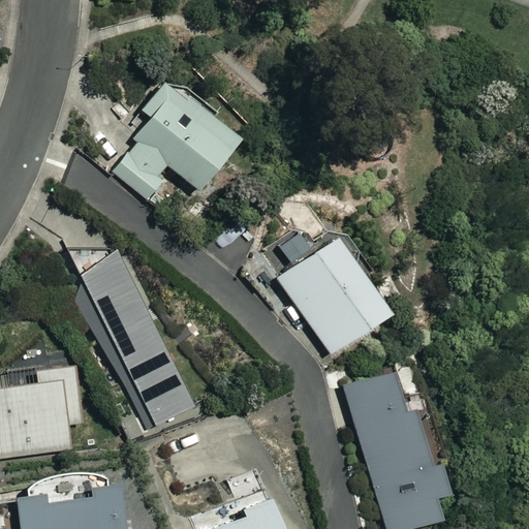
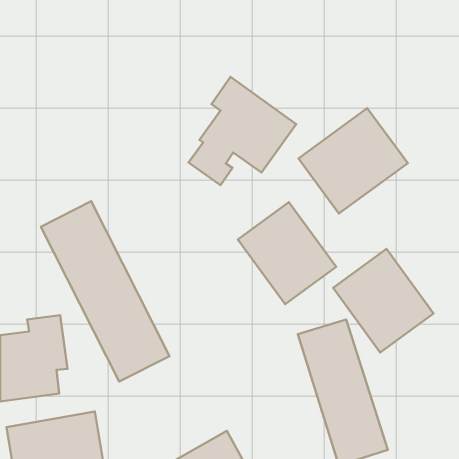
building: [117,81,239,204] -> [189,77,296,185]
building: none -> [299,108,408,214]
building: none -> [333,249,434,352]

